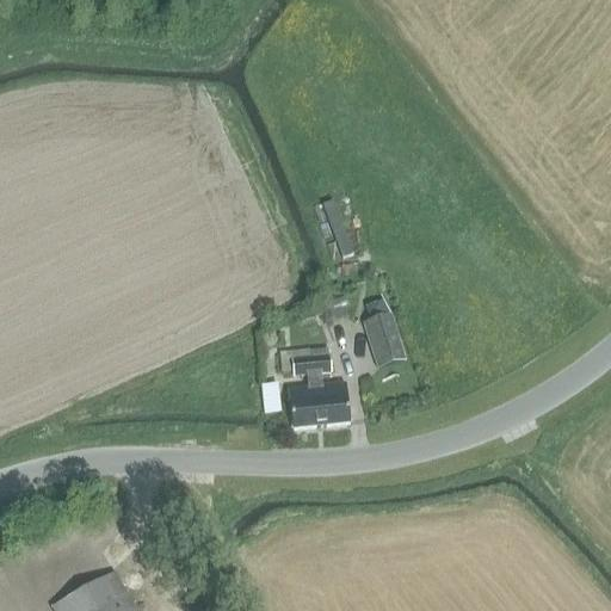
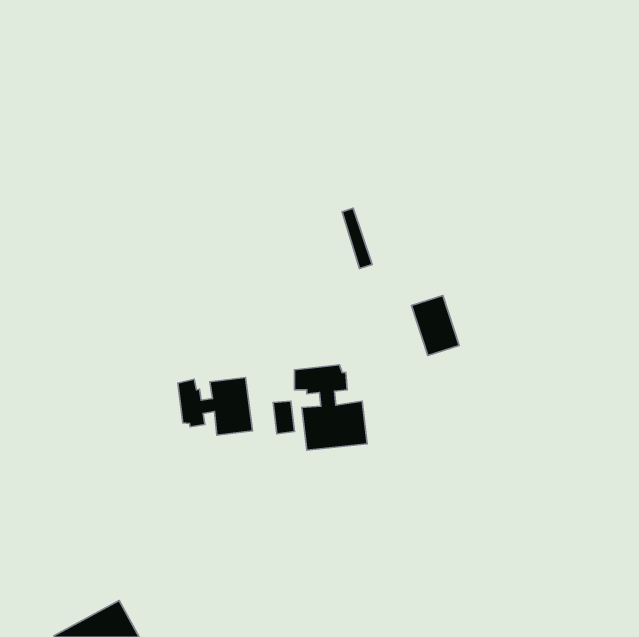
building: [360,311,406,369] -> [411,295,459,356]
building: none -> [178,378,253,435]

